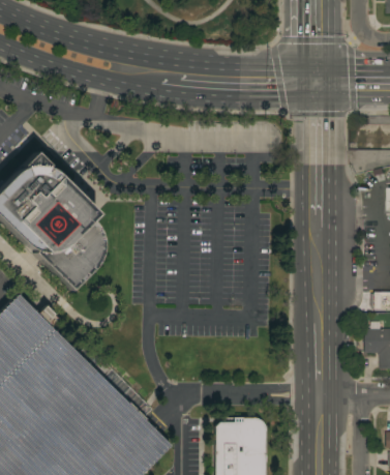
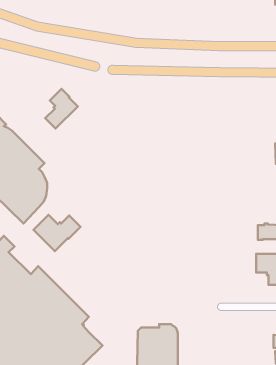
building: none -> [45,89,78,129]
building: none -> [34,215,80,251]

